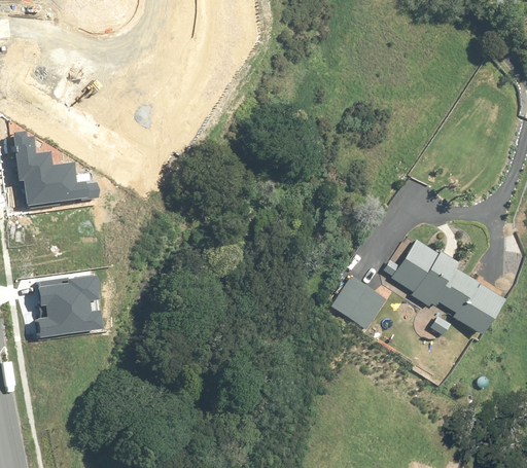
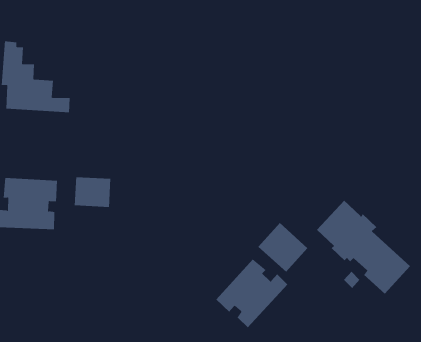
building: none -> [74,176,111,208]
building: none -> [215,258,288,328]

